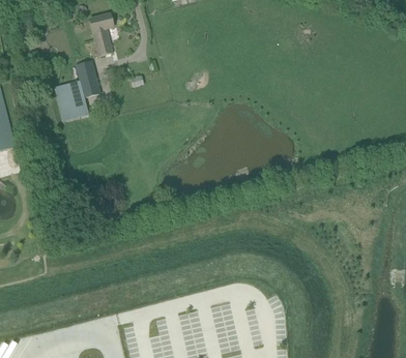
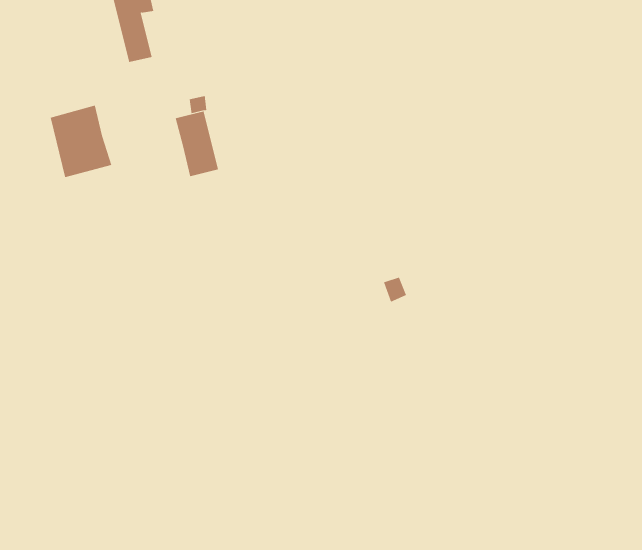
building: [76,62,100,99] -> [175,111,219,177]

